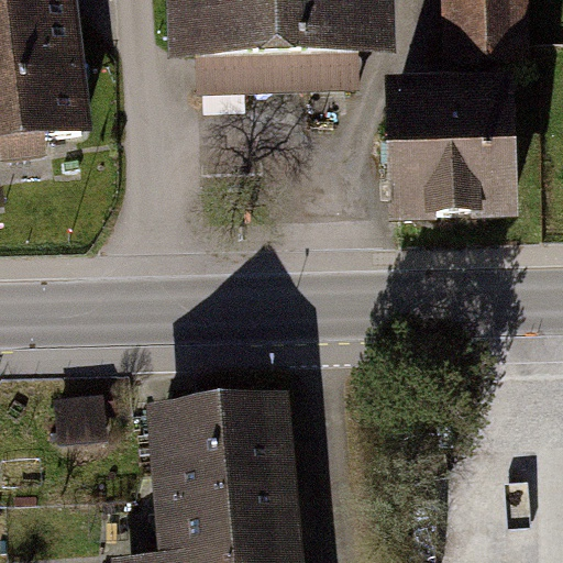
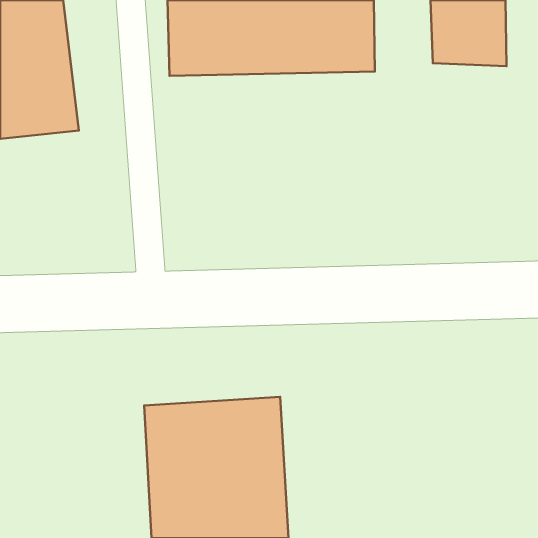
building: [394,93,511,220] -> none

